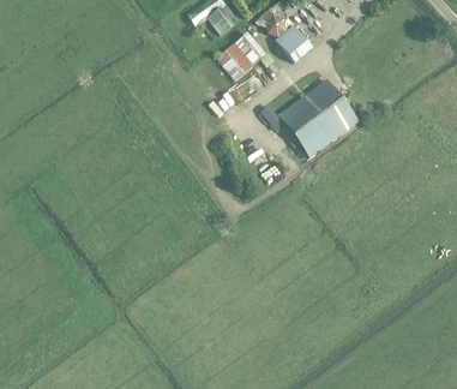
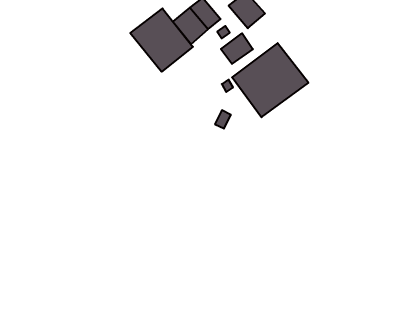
building: none -> [130,8,193,72]
building: none -> [221,33,253,64]

